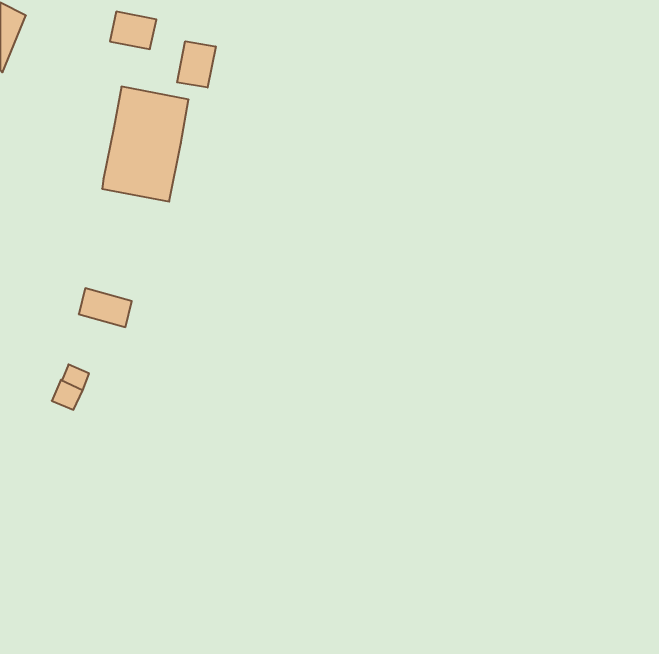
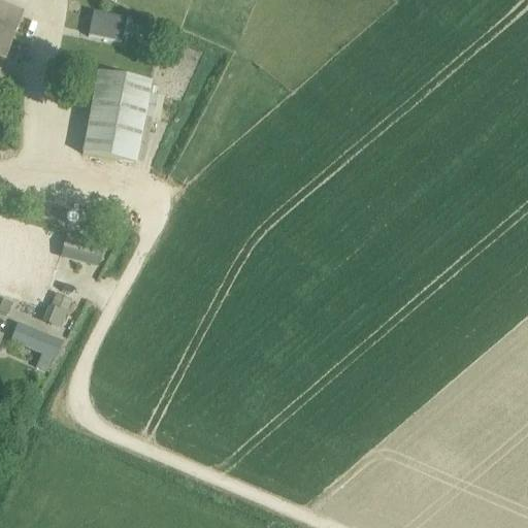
building: [177,41,216,88] -> none
building: none -> [10,320,63,357]

